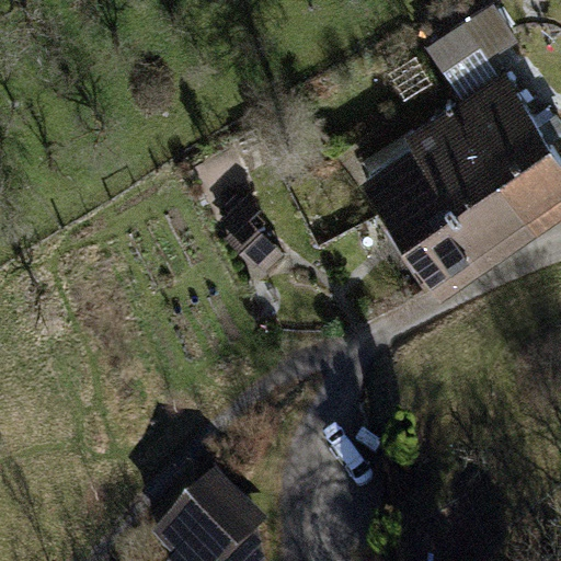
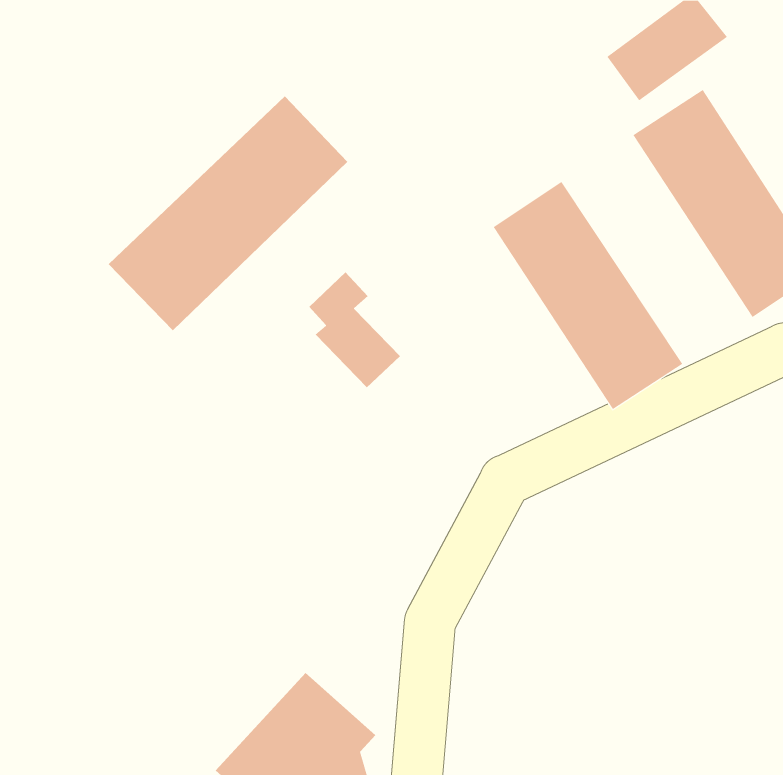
building: none -> [108,95,348,331]
building: [402,103,538,266] -> none

